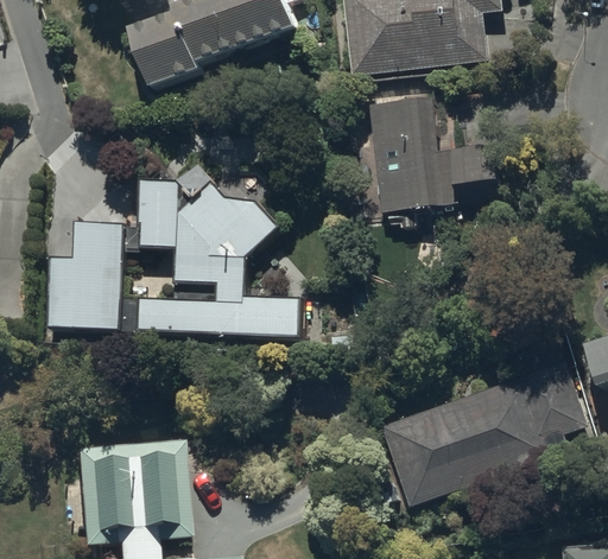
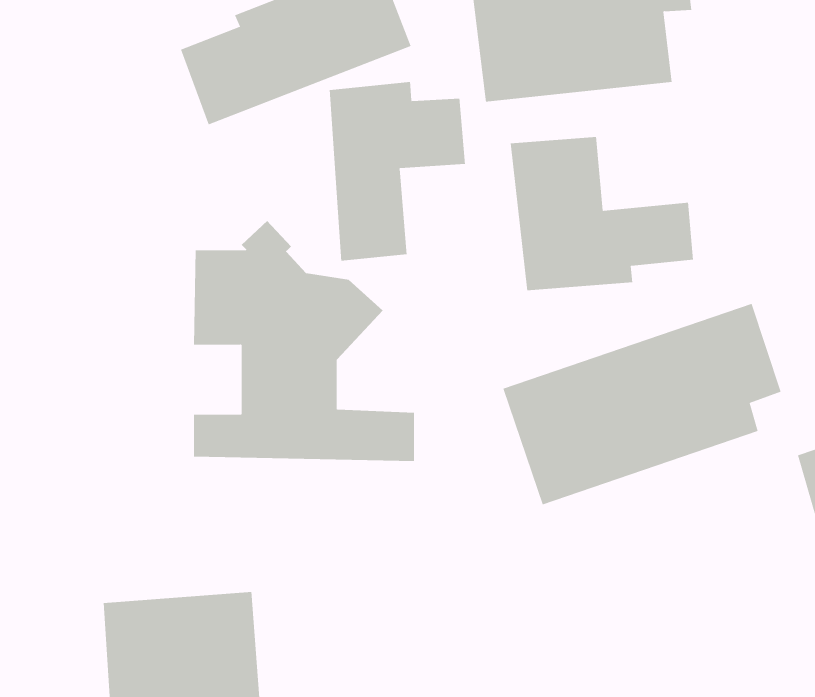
building: none -> [329,81,465,262]
building: [49,224,125,334] -> none
building: [378,351,580,497] -> [503,303,782,505]

